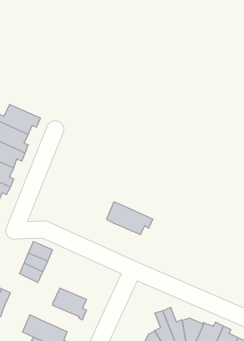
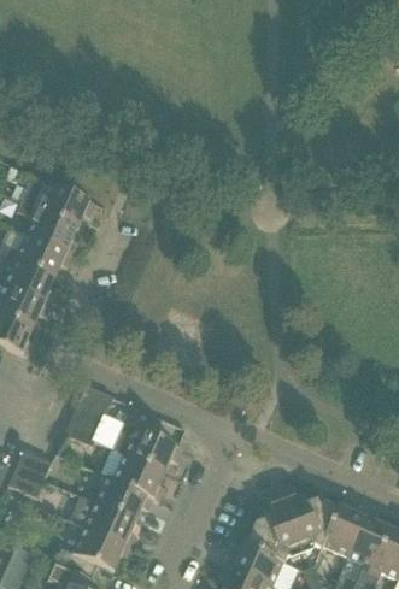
building: [107,202,153,235] -> [113,425,182,473]
building: none -> [95,477,153,522]

